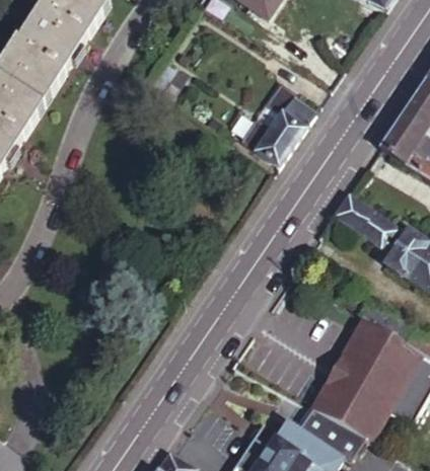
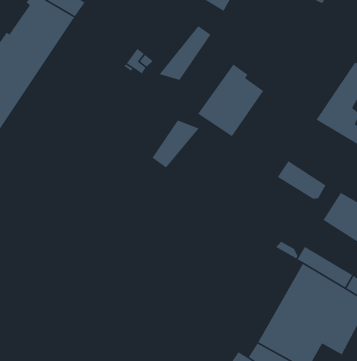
building: none -> [158,25,212,81]
building: none -> [151,120,200,168]

